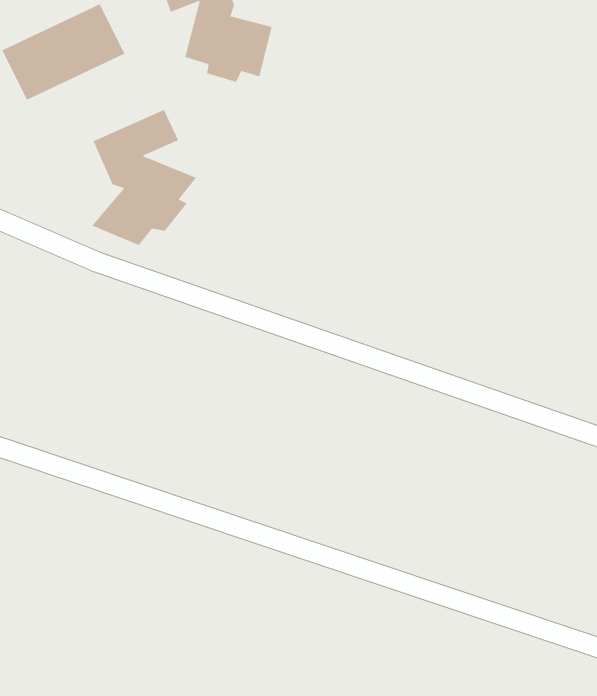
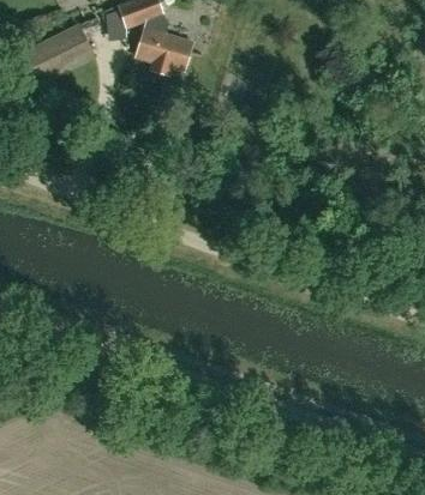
building: [92,109,197,246] -> none

